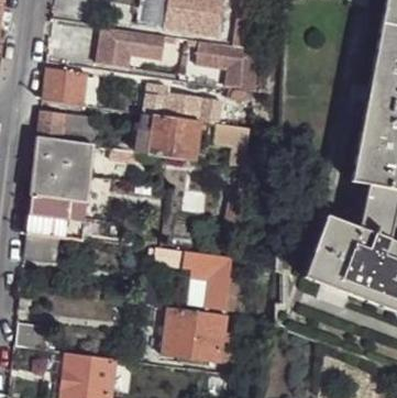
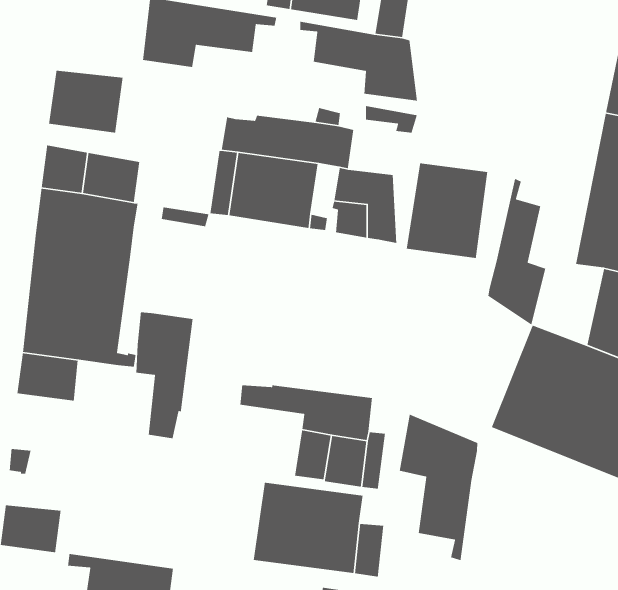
building: none -> [406,162,488,259]
building: none -> [488,178,546,326]
building: none -> [135,311,194,439]
building: none -> [399,414,478,561]

